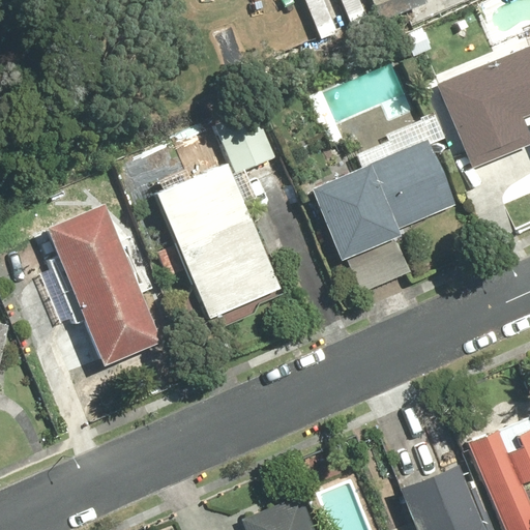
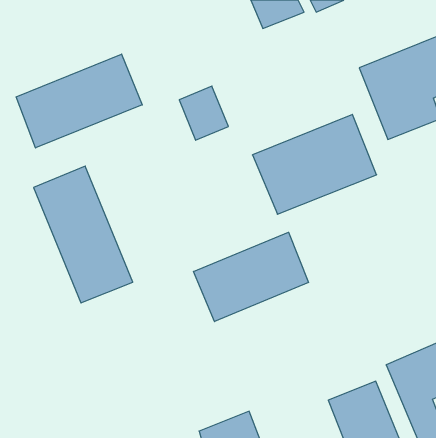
building: none -> [16,54,142,148]
building: [155,161,283,319] -> none
building: none -> [194,232,308,322]

